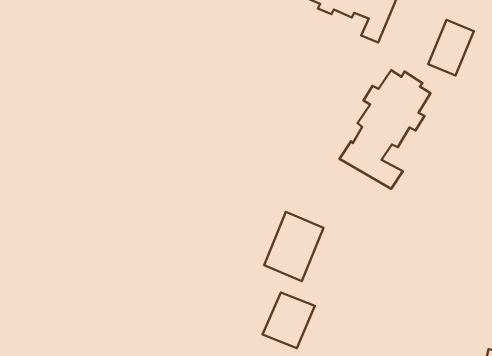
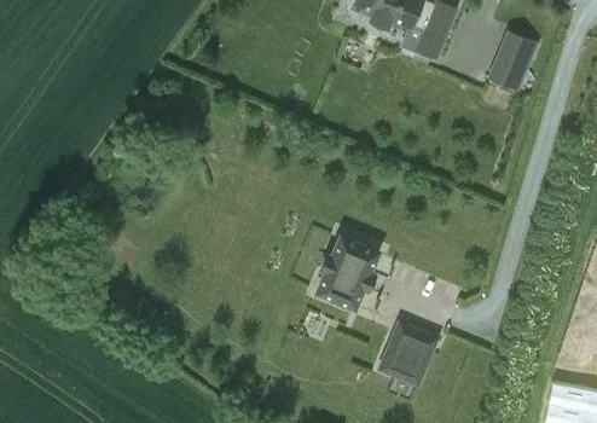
building: [339,70,430,189] -> none
building: [263,292,315,348] -> [379,325,435,384]

